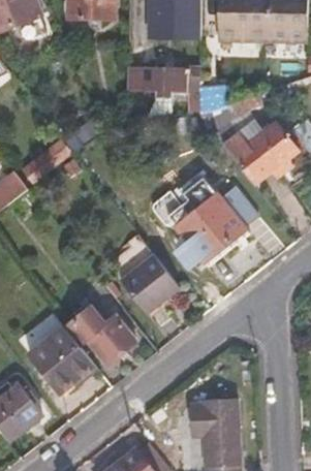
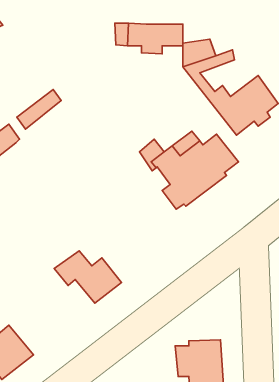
building: [110,233,177,310] -> none
building: [28,325,94,391] -> none

